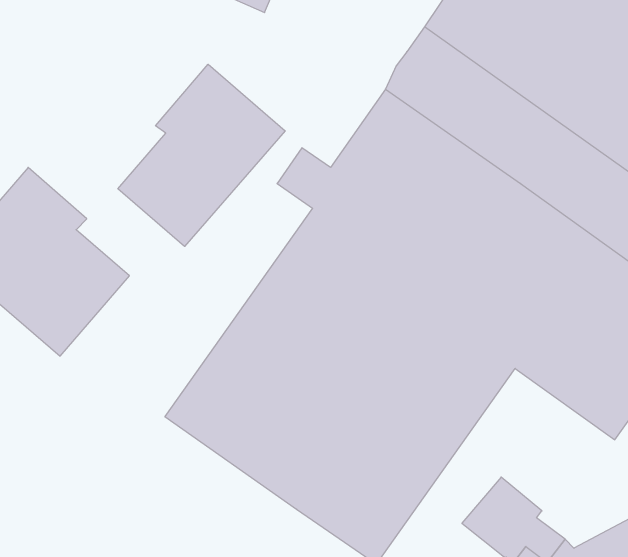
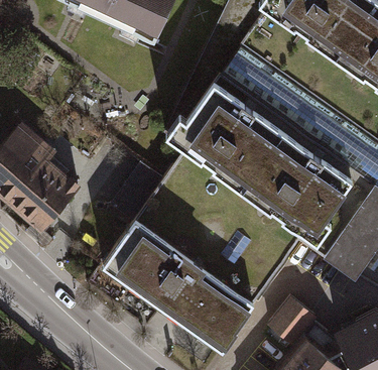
building: [118,64,285,246] -> none

